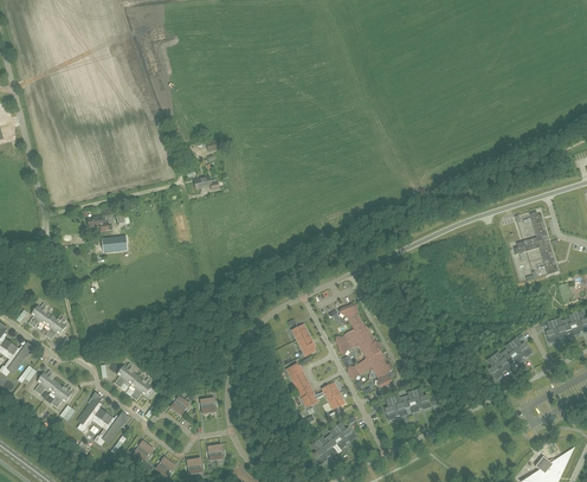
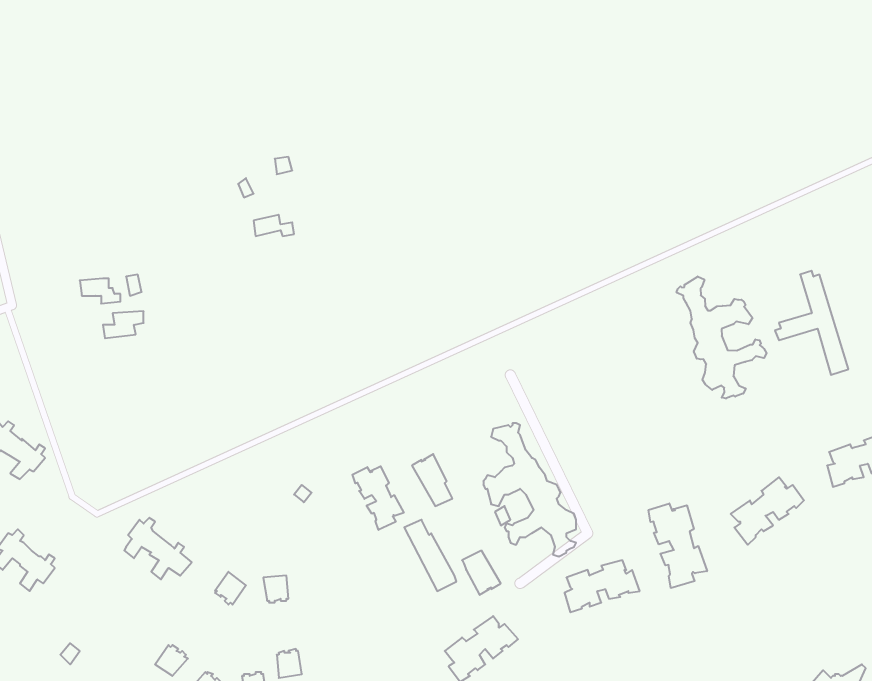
building: none -> [677,276,767,399]
building: none -> [352,466,404,530]
building: none -> [649,503,707,588]
building: [77,392,129,445] -> none

